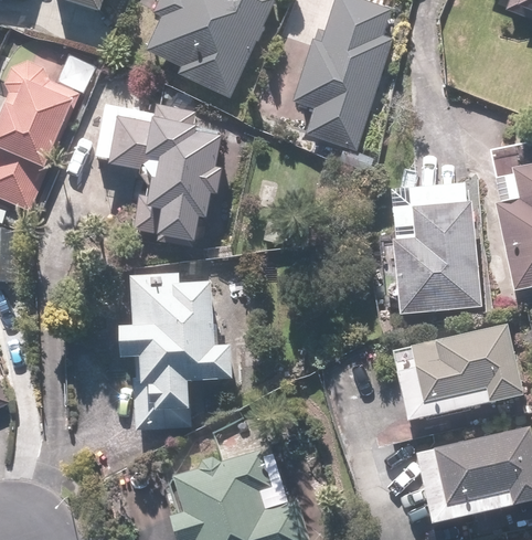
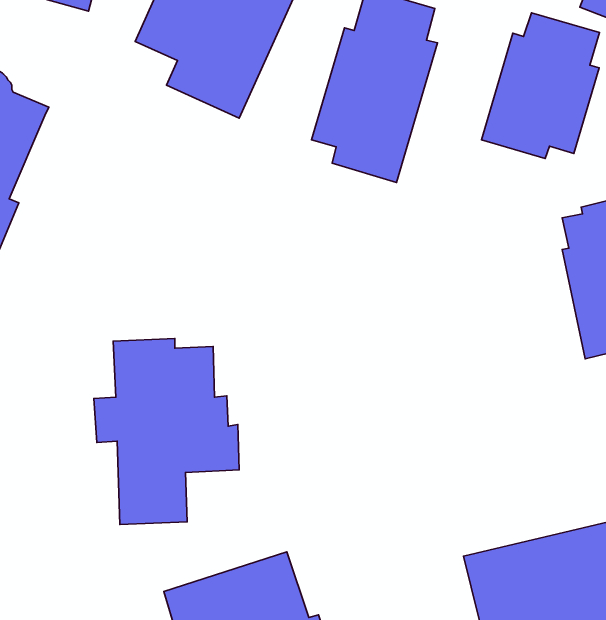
building: none -> [481,13,599,158]
building: [94,100,219,239] -> none
building: [389,182,483,317] -> none
building: [391,322,523,422] -> none

